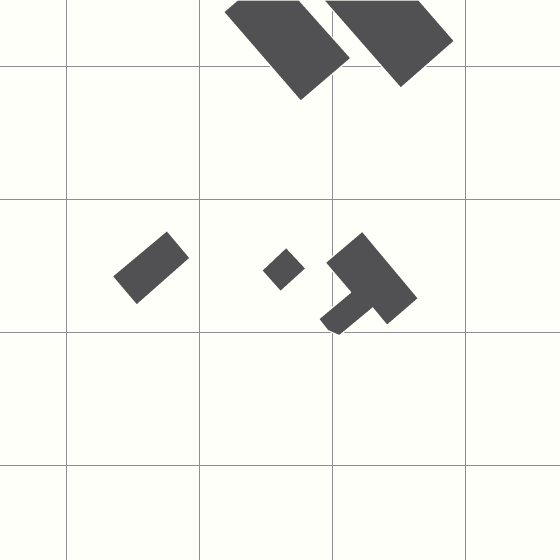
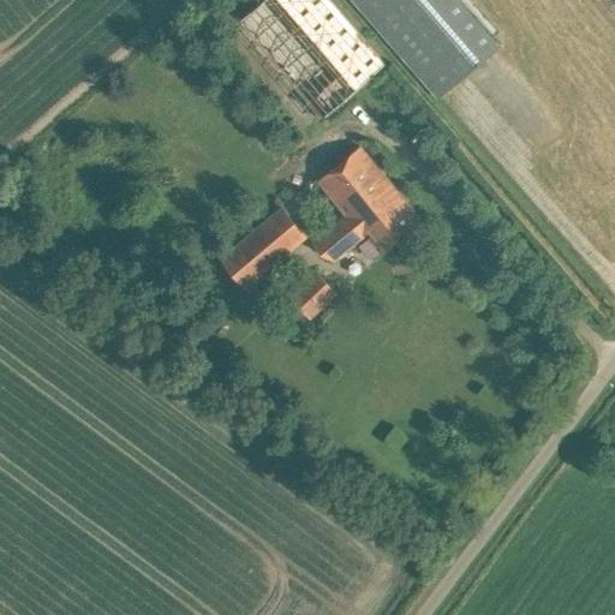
building: [112,230,190,305] -> [217,209,303,291]
building: [319,231,419,336] -> [309,148,418,262]

